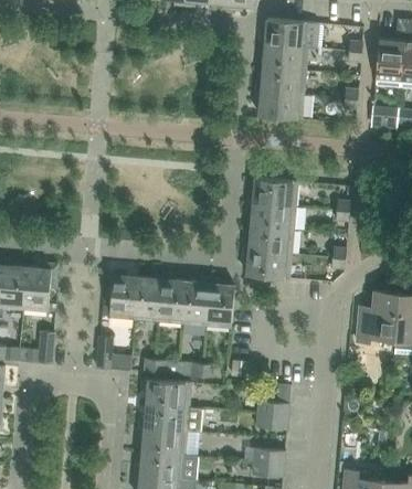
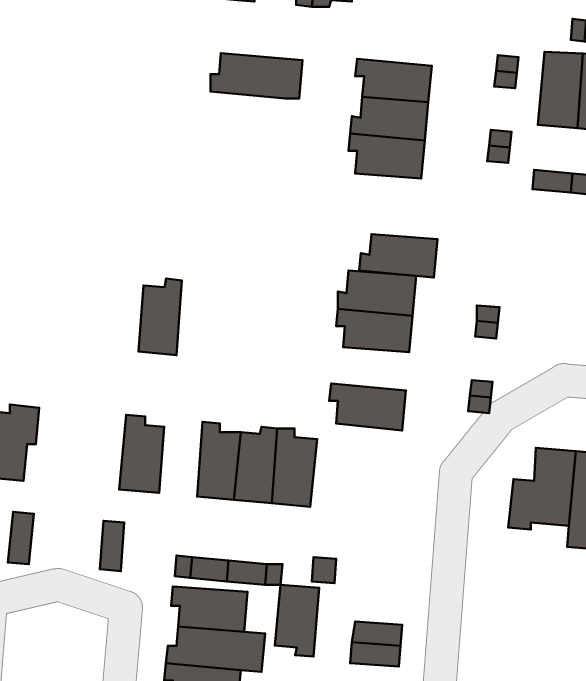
building: [261,19,319,47] -> [211,53,303,98]
building: [244,226,294,254] -> [359,234,437,277]
building: [135,273,162,321] -> [138,279,182,355]
building: none -> [275,585,319,657]

